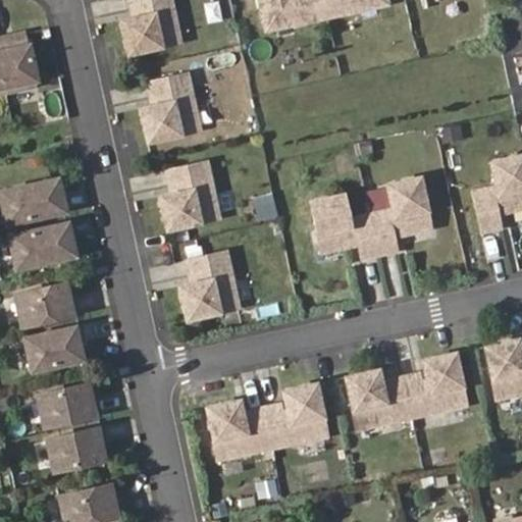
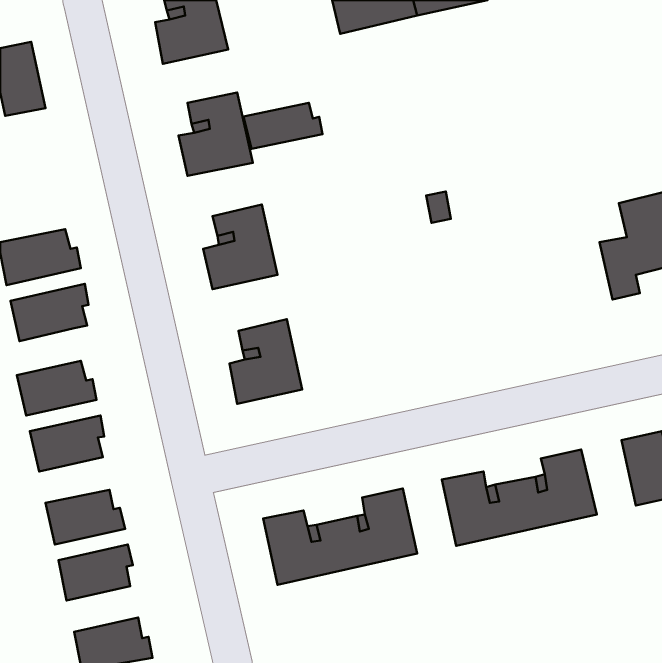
building: none -> [243,103,322,149]
building: [307,175,434,262] -> none

